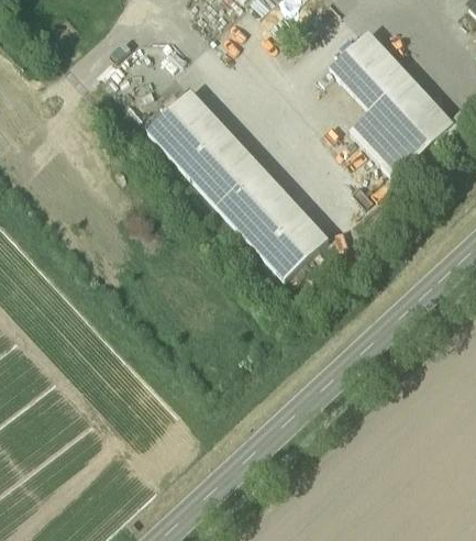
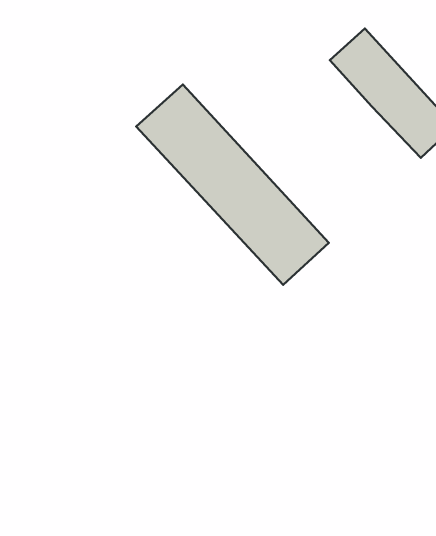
building: [347,108,413,175] -> none

